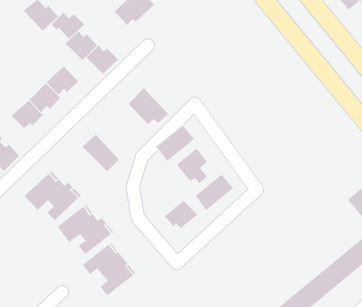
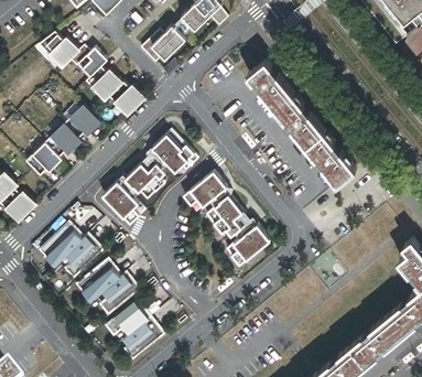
building: none -> [248,60,356,184]
building: none -> [126,163,165,198]
building: [164,200,198,229] -> none

